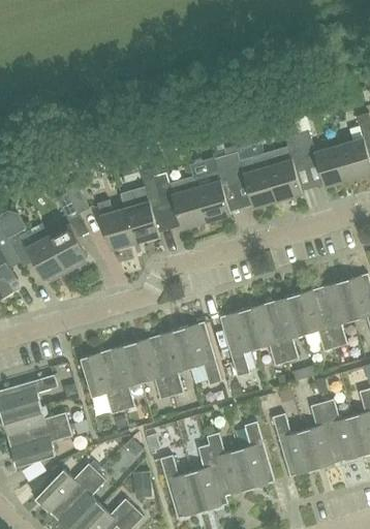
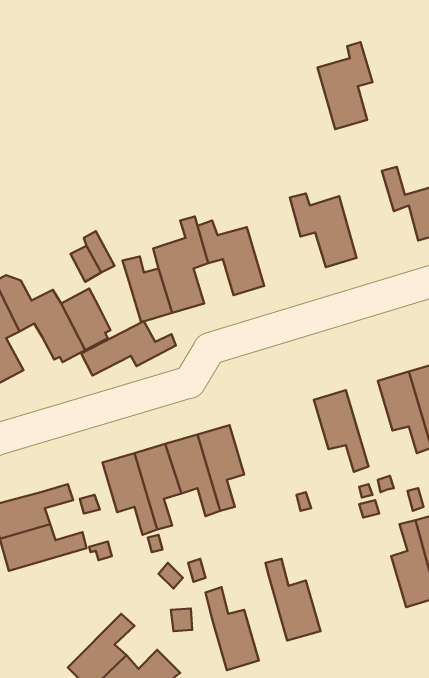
building: [264,133,306,200] -> [318,42,372,129]
building: [192,154,234,222] -> none
building: none -> [81,321,176,376]
building: [269,295,305,362] -> none
building: [219,310,255,377] -> none
building: [179,322,221,385] -> none
building: [273,413,315,476] -> none
building: [238,422,274,489] -> none
building: [8,425,71,467] -> none
building: [190,444,226,511] -> none
building: [35,466,95,517] -> none

